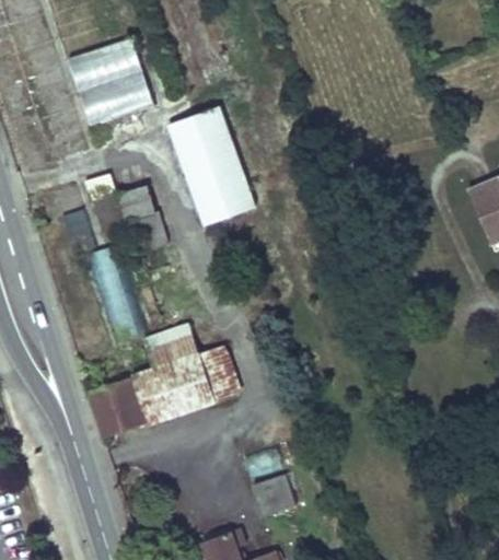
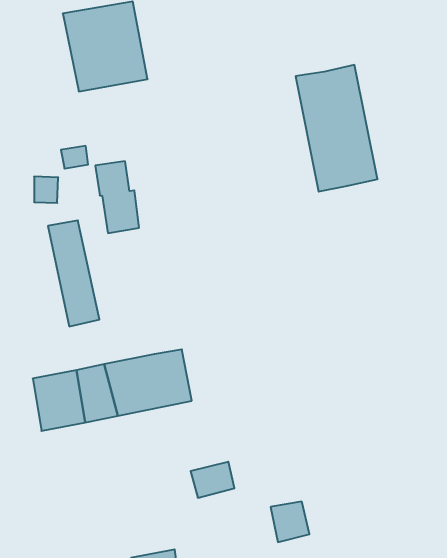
building: [170,107,256,225] -> [296,65,378,192]
building: [143,328,196,370] -> none
building: [255,474,293,513] -> [271,502,309,542]

